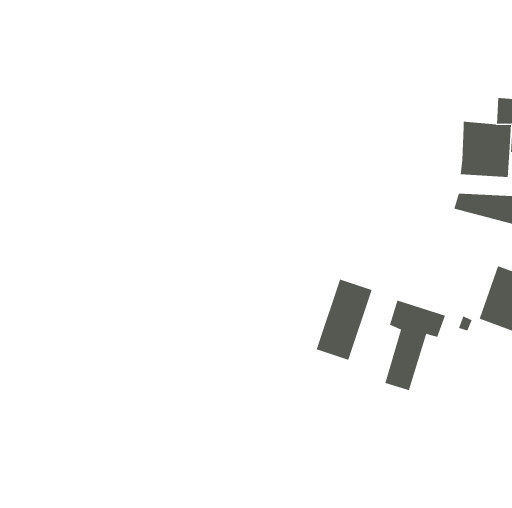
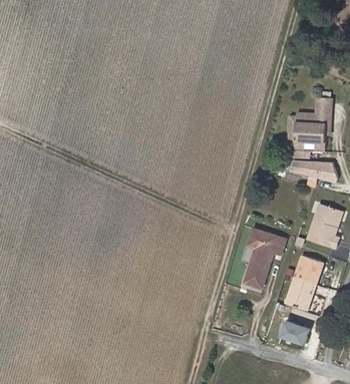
building: [316,279,372,361] -> [287,256,323,308]
building: none -> [280,323,308,347]

